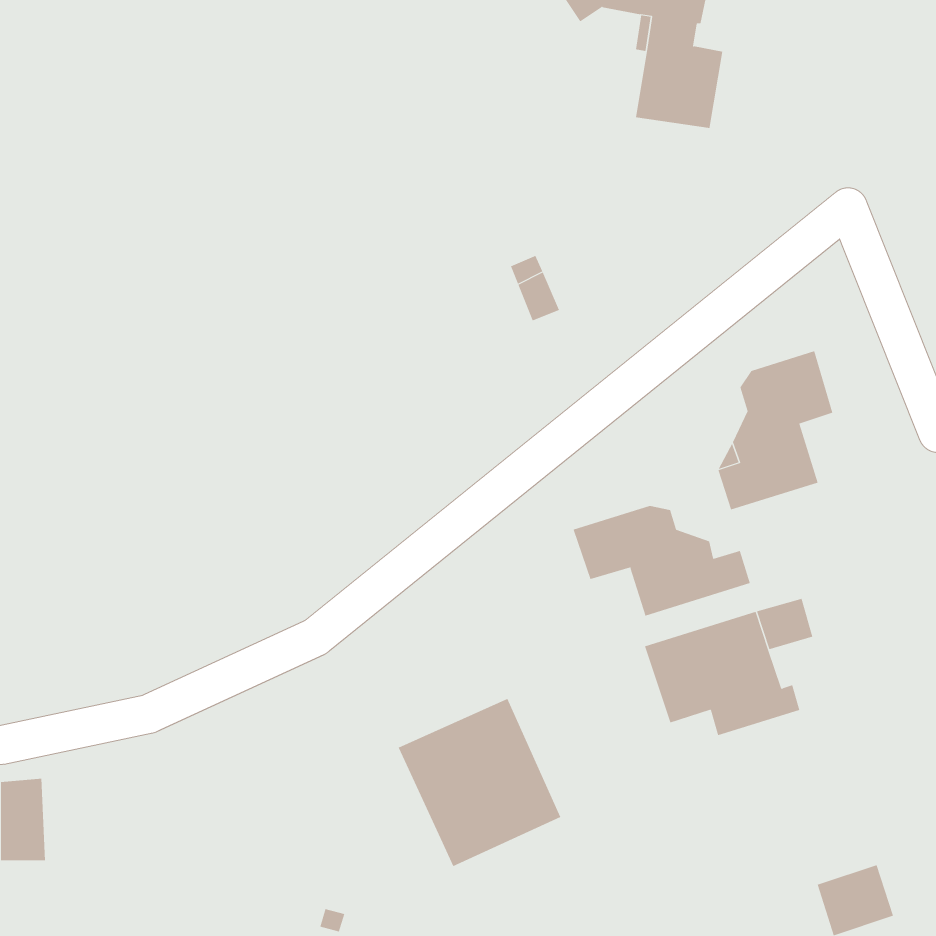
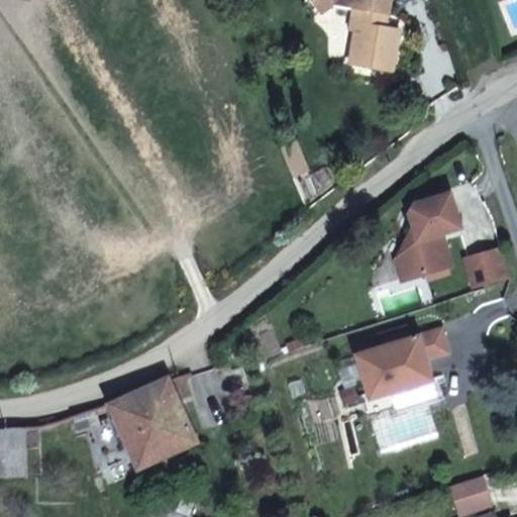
building: none -> [462,247,507,288]
building: [573,505,750,616] -> none
building: [398,698,561,867] -> [107,377,197,470]

